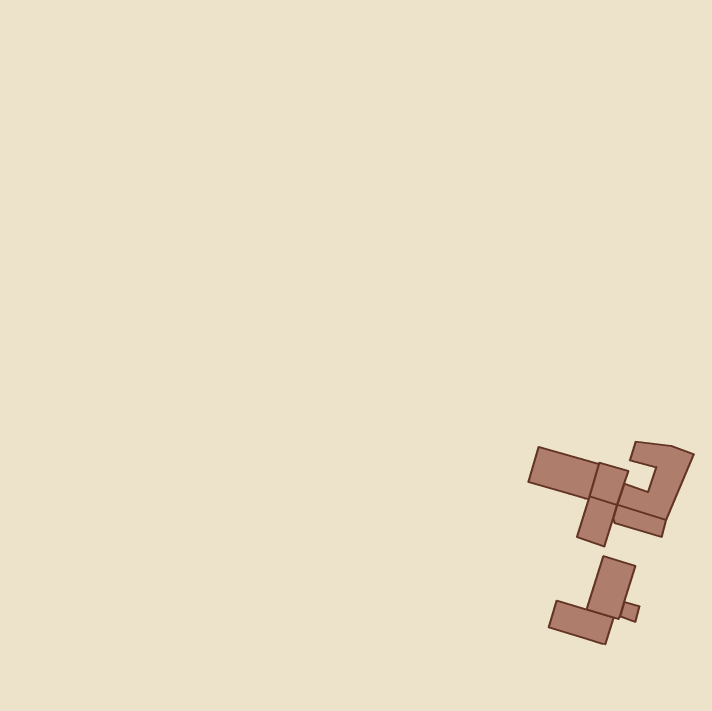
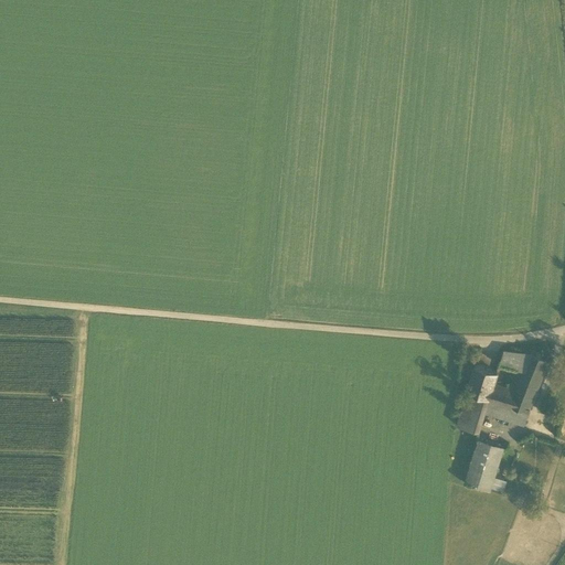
building: [528,447,599,499] -> none
building: [549,601,613,644] -> none

